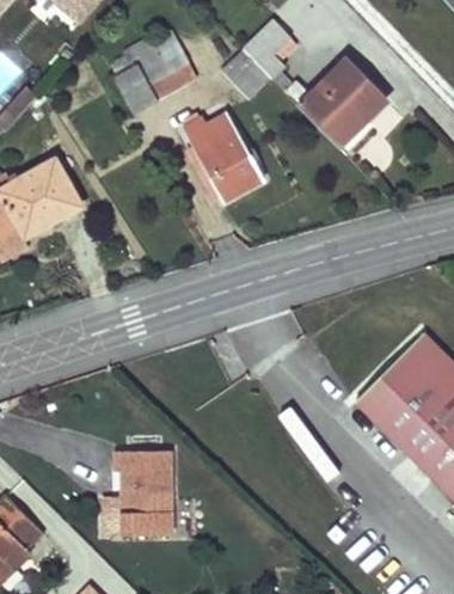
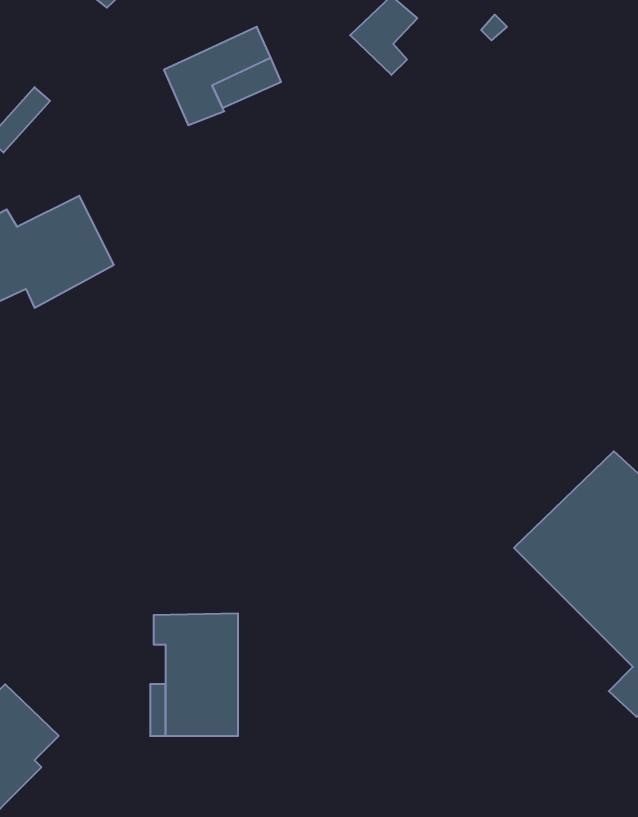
building: [223,48,272,97] -> none
building: [287,60,387,146] -> none
building: [183,112,265,200] -> none

